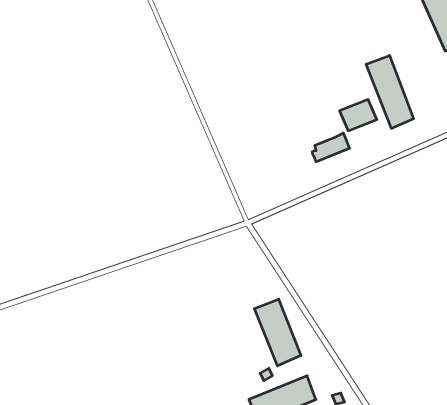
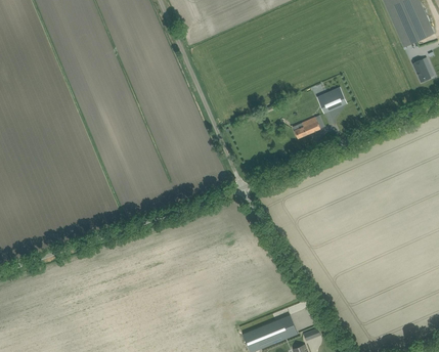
building: [366,55,414,128] -> none
building: [254,299,301,366] -> none

